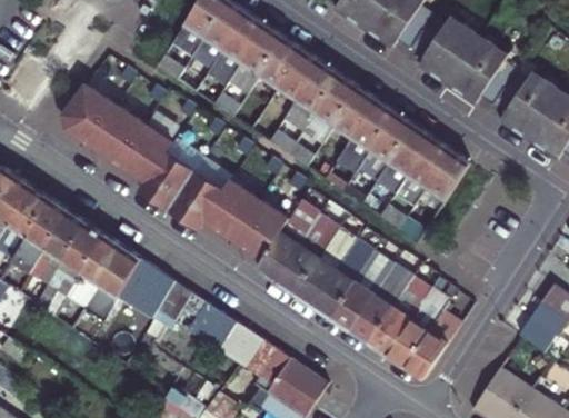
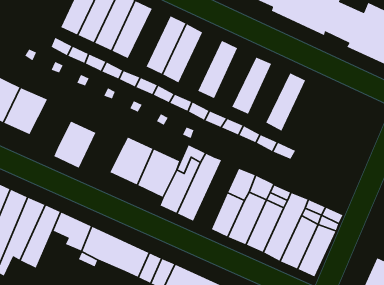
building: [246,38,302,104] -> none
building: [300,74,358,142] -> none
building: [339,99,395,167] -> none
building: [376,123,431,191] -> none
building: [118,125,173,183] -> none
building: [411,149,469,218] -> none
building: [169,172,224,231] -> none
building: [292,227,355,306] -> none

